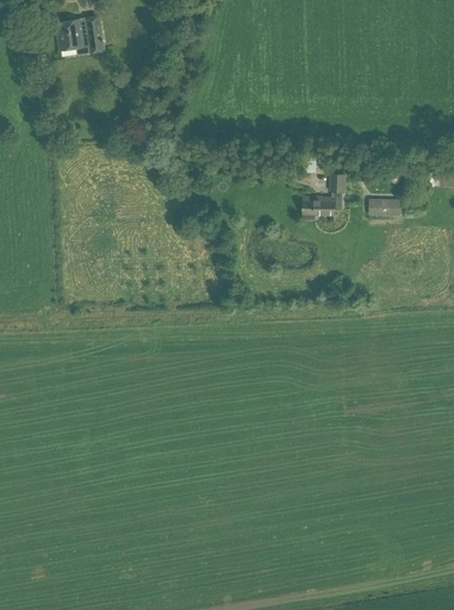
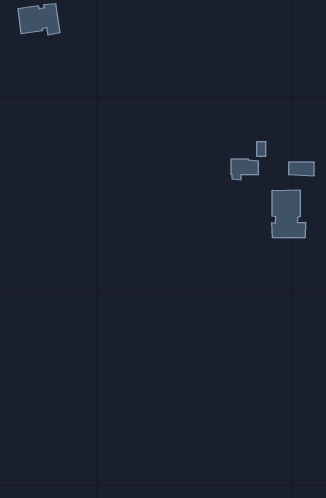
building: none -> [272,190,305,238]

